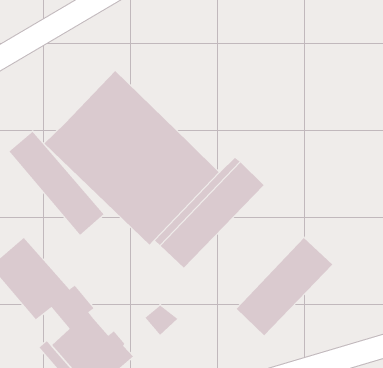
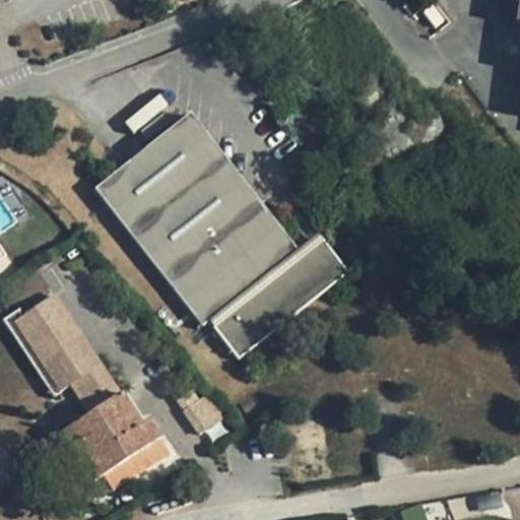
building: [9,131,104,236] -> none
building: [236,237,333,336] -> none

